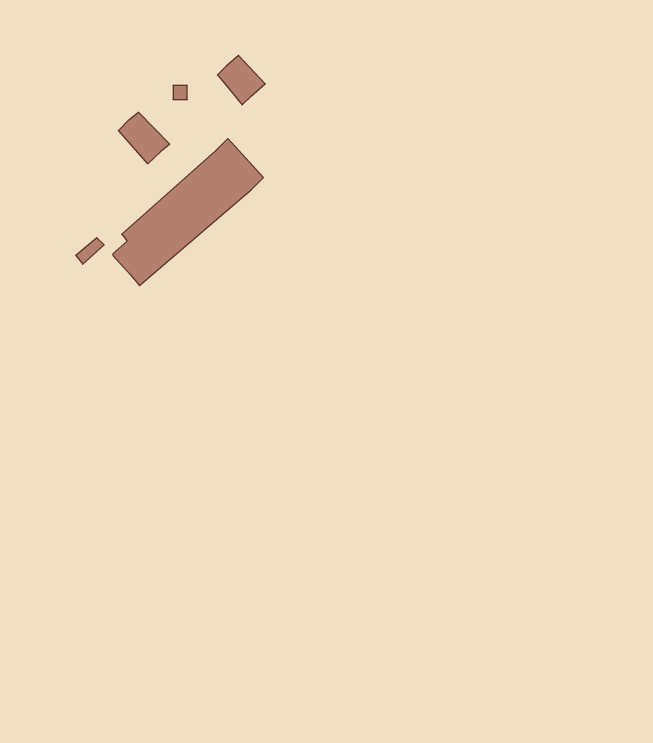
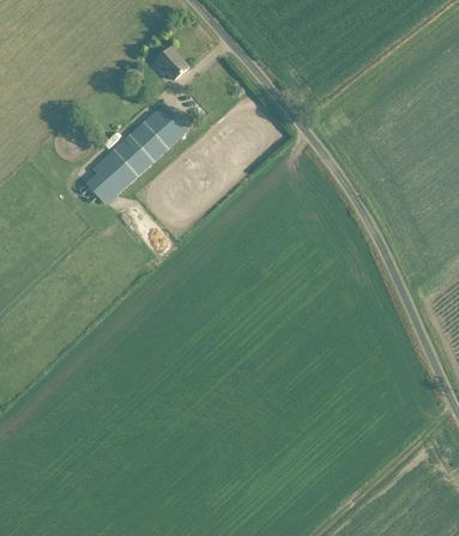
building: [118,112,170,164] -> none

